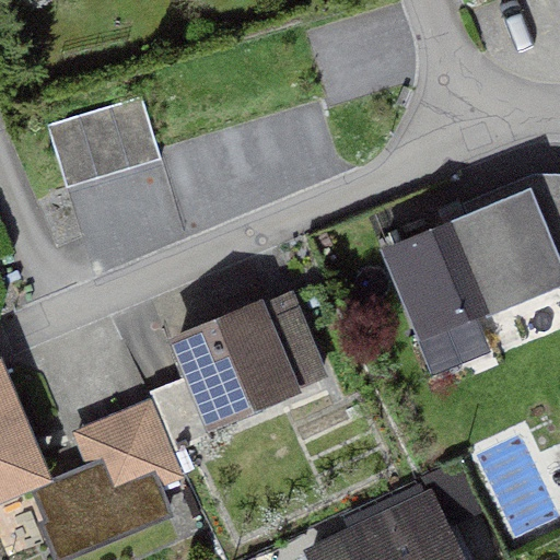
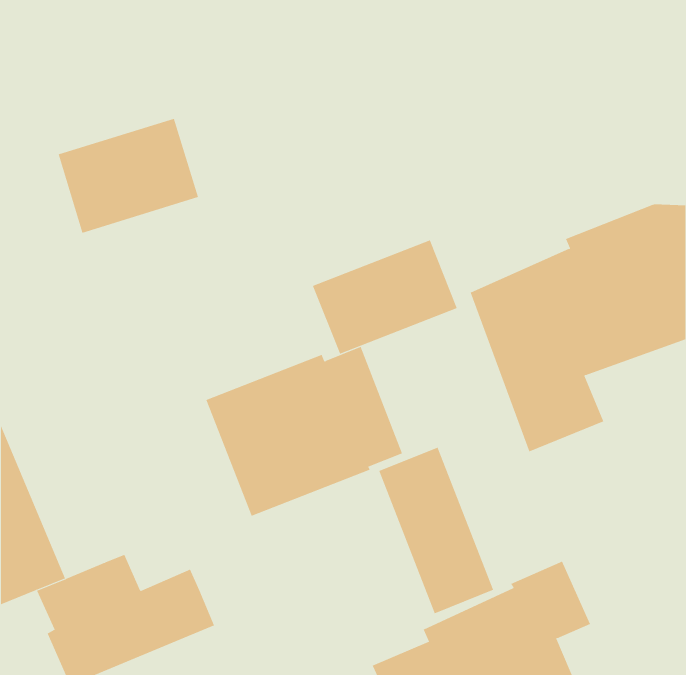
building: none -> [312,239,458,355]
building: none -> [378,447,494,614]
building: [72,402,183,490] -> none

